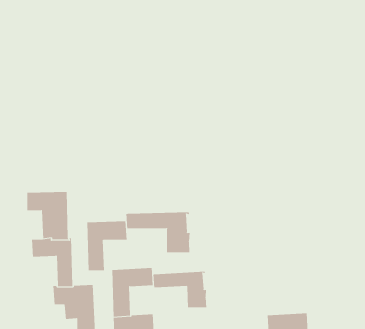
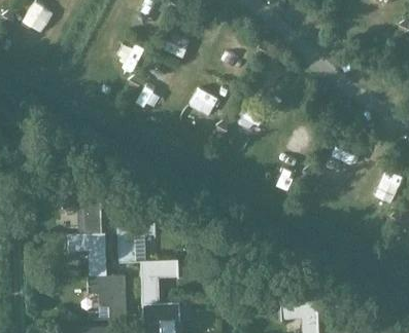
building: [126,212,190,253] -> none
building: [153,271,207,308] -> none

